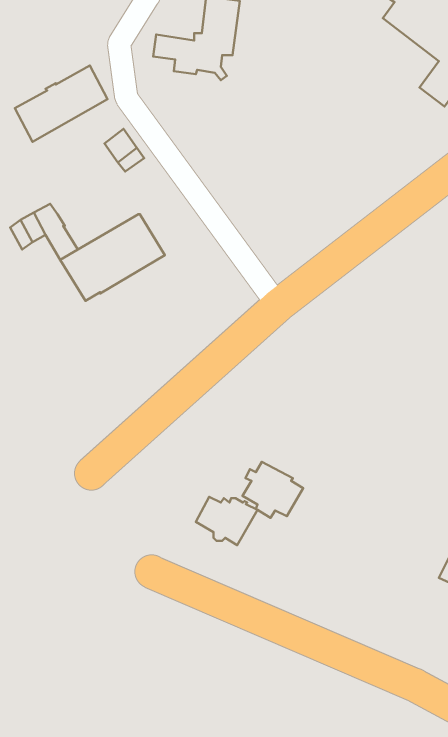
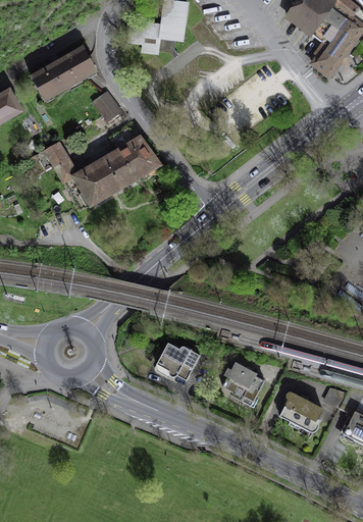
building: none -> [109,125,159,178]
building: [243,462,303,518] -> [222,362,264,401]
building: none -> [279,392,322,431]

